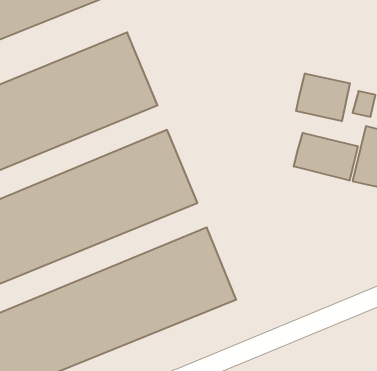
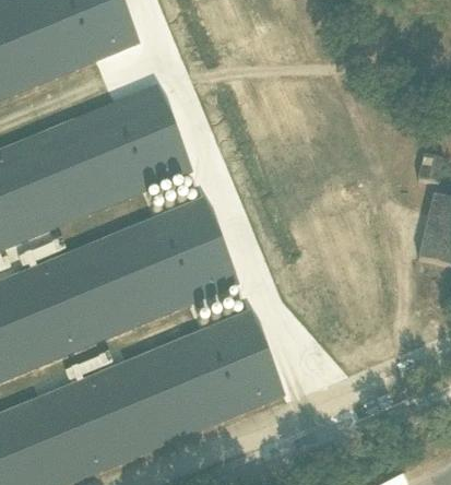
building: [296,73,350,121] -> none
building: [294,133,358,181] -> none

